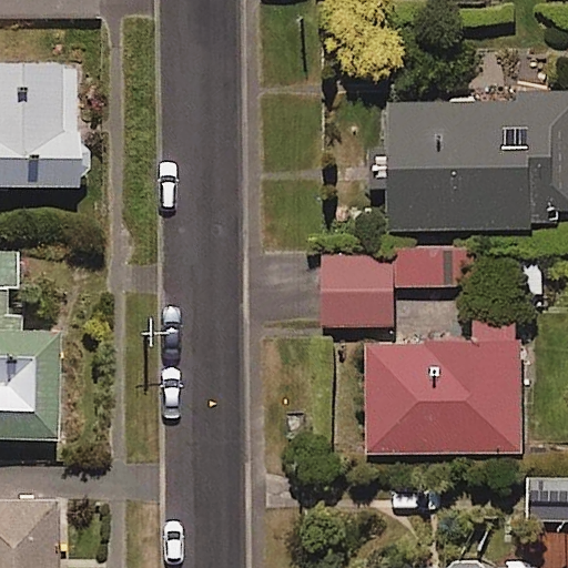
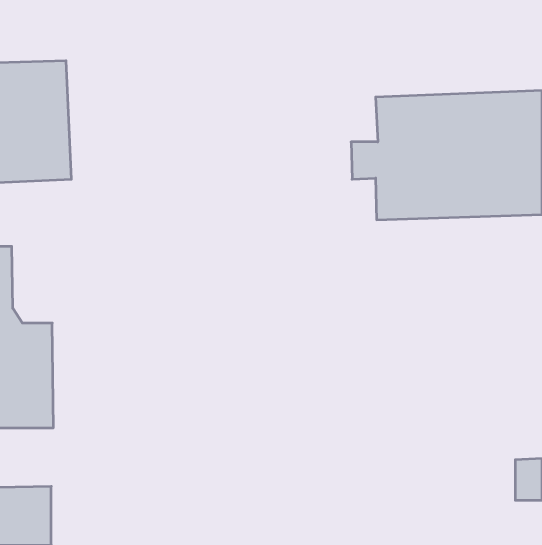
building: [320,247,463,326] -> none
building: [366,339,524,455] -> none

